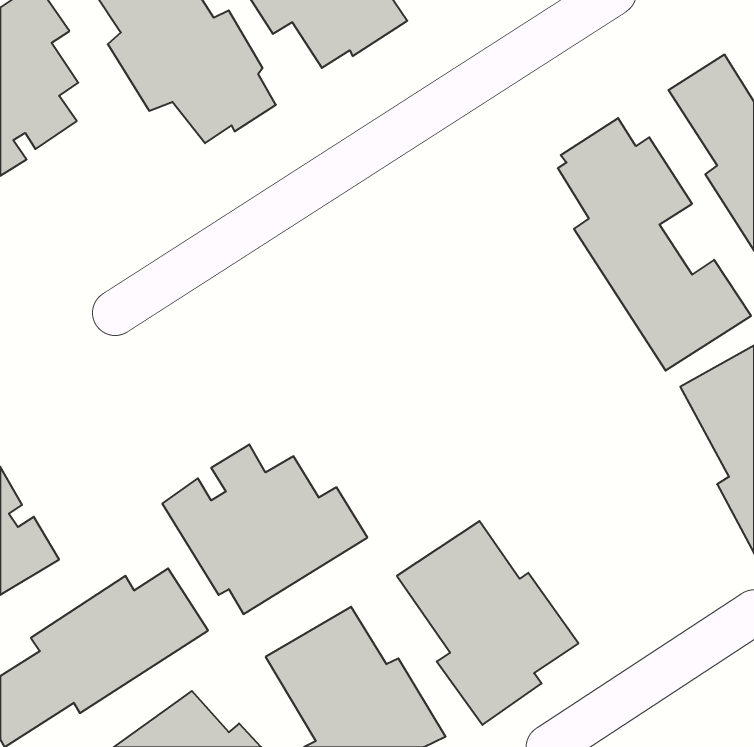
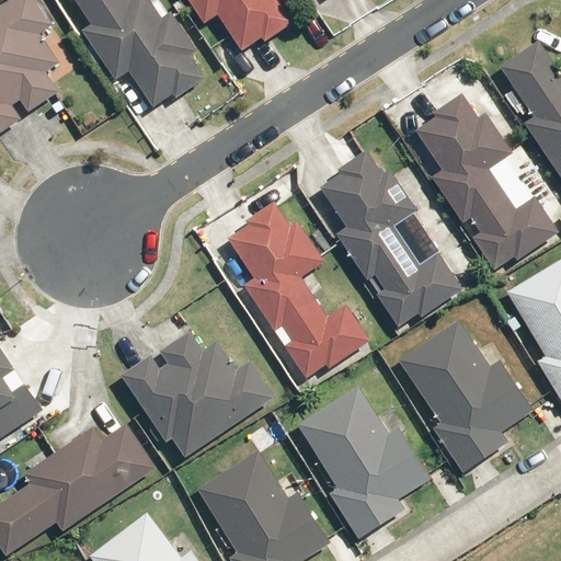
building: none -> [314,152,463,334]
building: none -> [225,201,377,391]
building: none -> [397,318,534,474]

